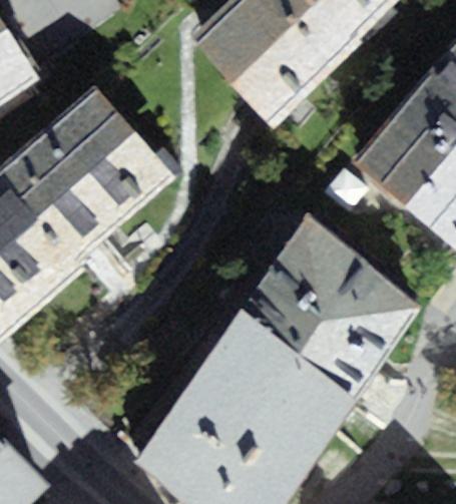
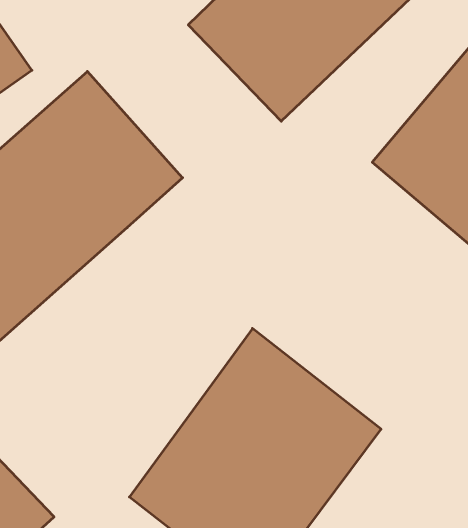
building: [241,218,417,401] -> none

